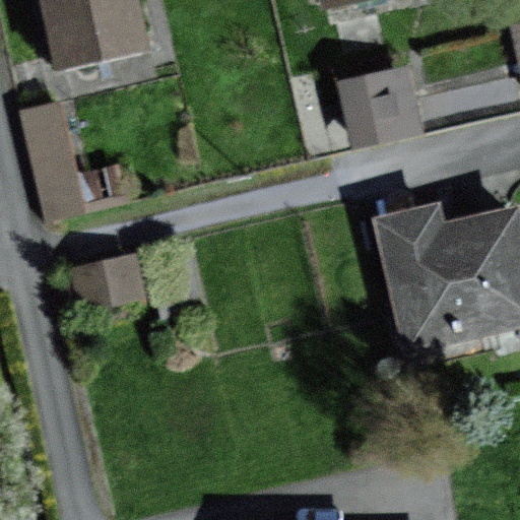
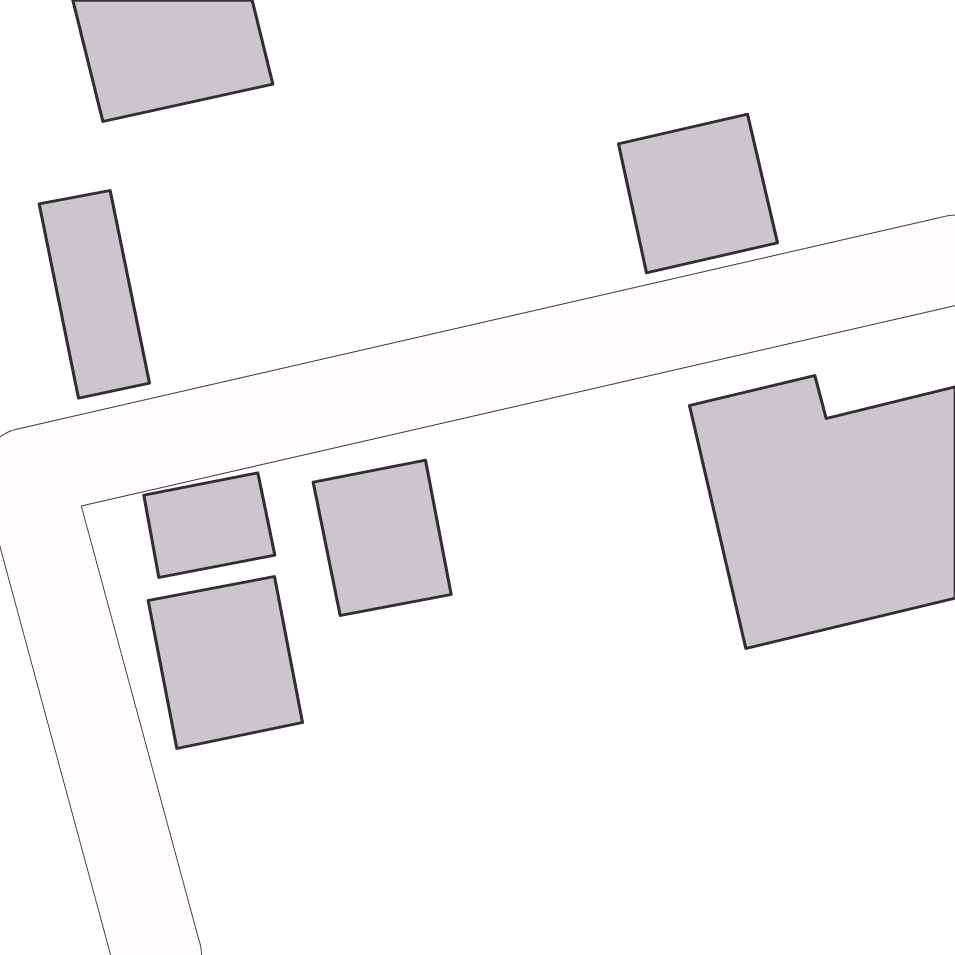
building: none -> [313,460,451,615]
building: none -> [148,576,302,748]

